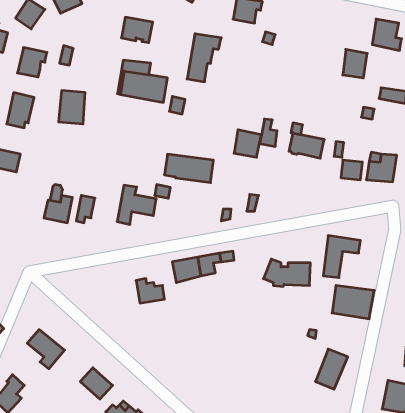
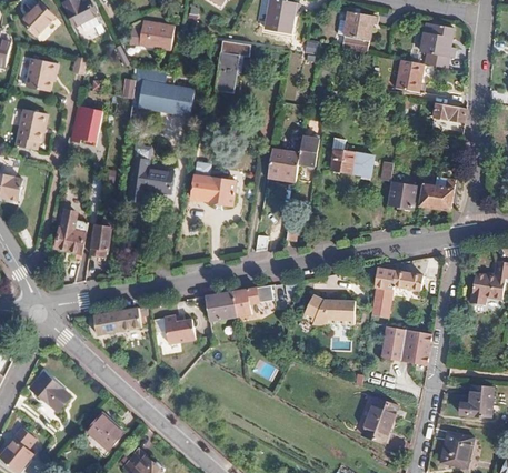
building: none -> [347,11,380,40]
building: [117,185,156,224] -> [129,160,173,204]
building: none -> [88,311,137,339]

